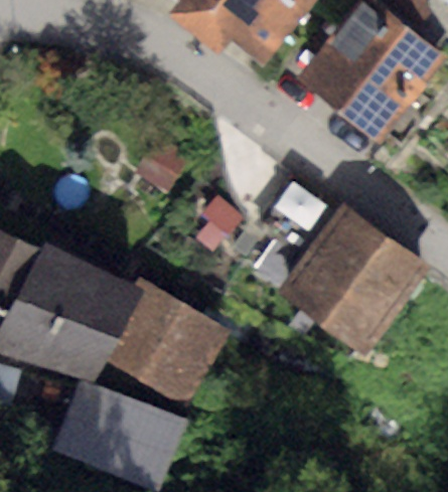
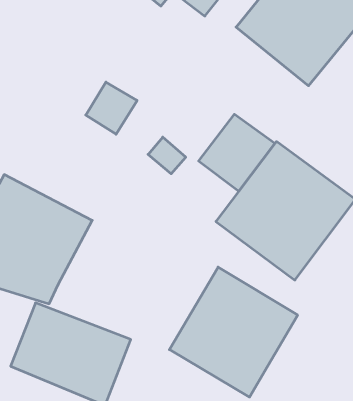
building: [105,282,228,406] -> none
building: none -> [169,267,297,397]

